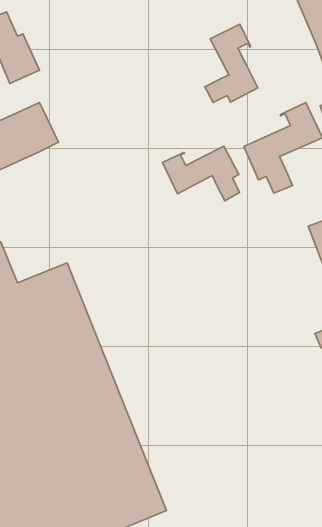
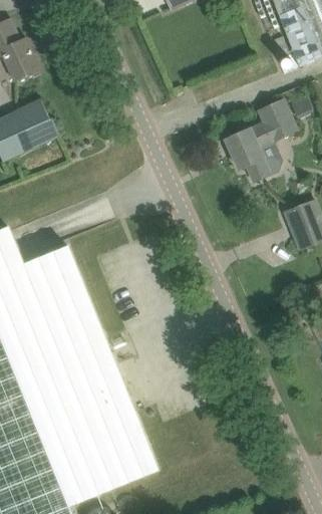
building: [205,24,258,102] -> none
building: [162,146,240,201] -> none

